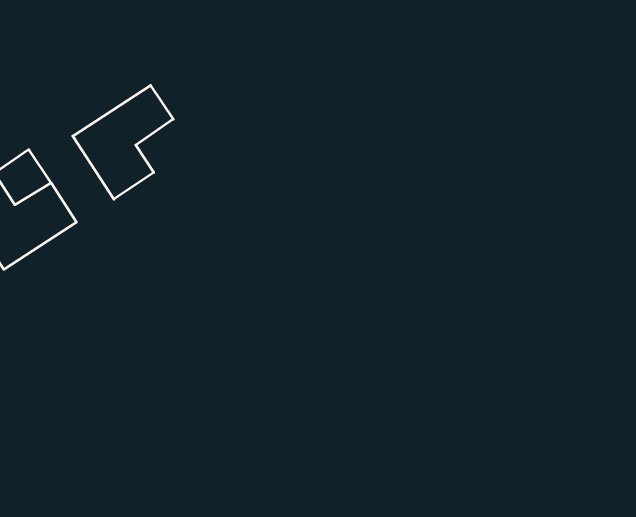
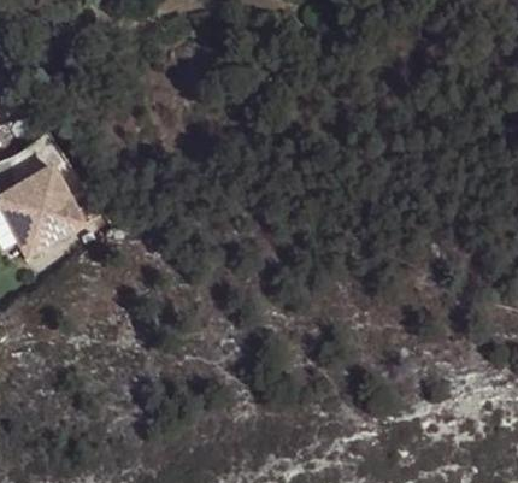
building: [73,85,173,199] -> none

